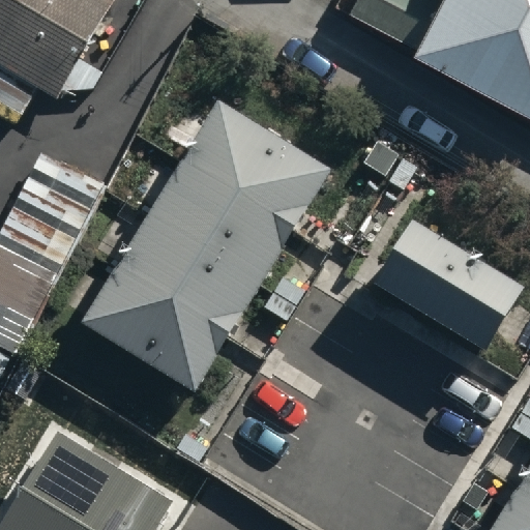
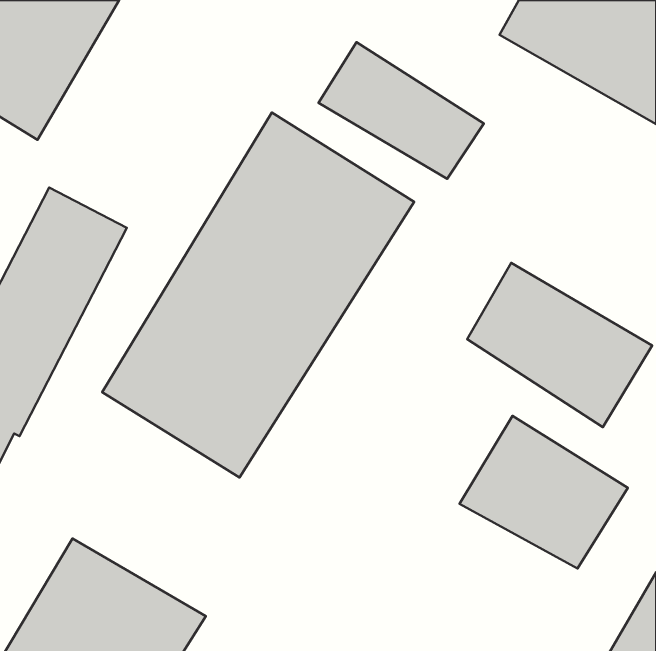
building: none -> [318,42,484,179]
building: none -> [459,416,628,568]

